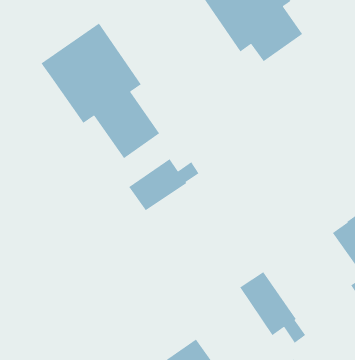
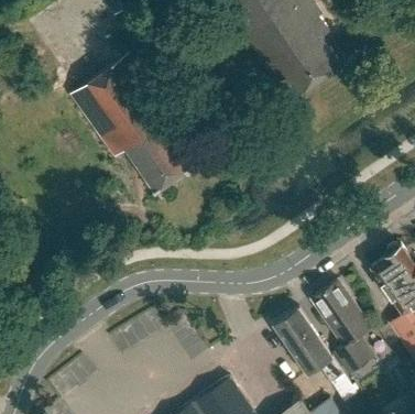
building: [128,158,200,211] -> none
building: none -> [314,280,374,374]

